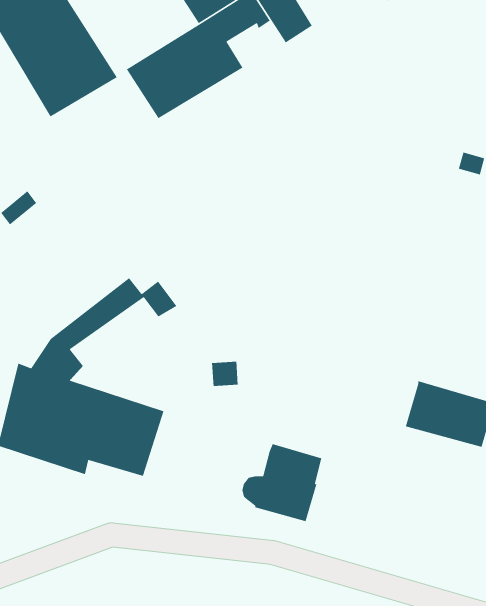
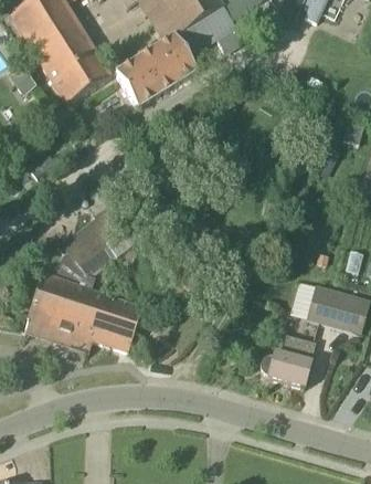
building: [242,443,322,522] -> [259,333,315,387]

